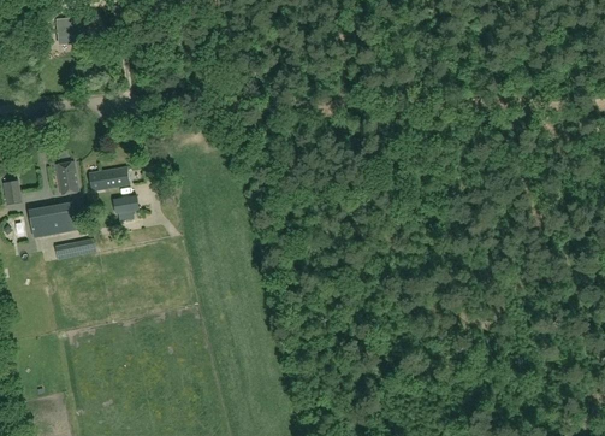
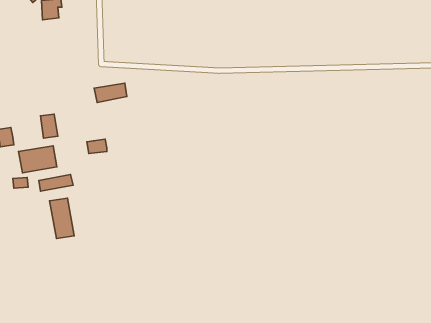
building: [87,167,127,192] -> [94,83,127,102]
building: none -> [50,198,74,239]

